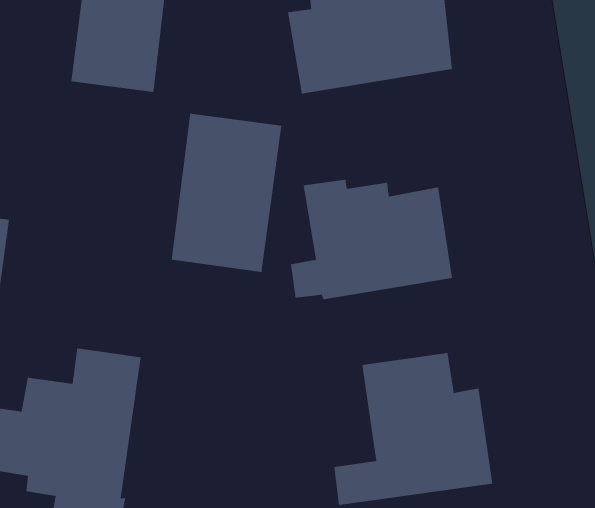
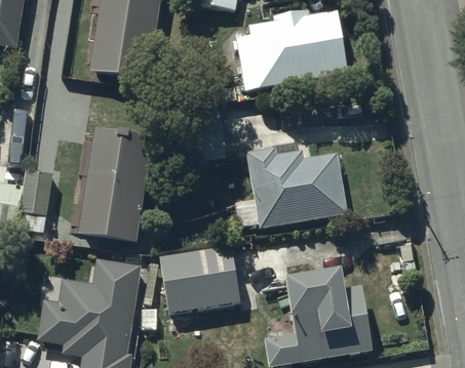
building: [171,113,282,272] -> [80,144,154,249]
building: none -> [160,245,240,317]

